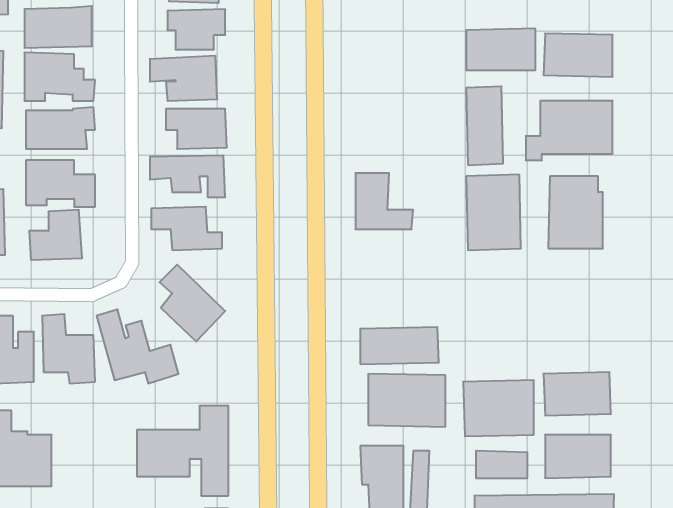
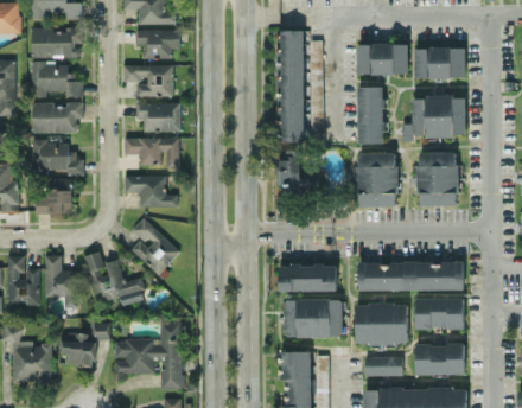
building: none -> [275,30,311,142]
building: none -> [358,262,463,292]
building: none -> [58,323,109,368]

